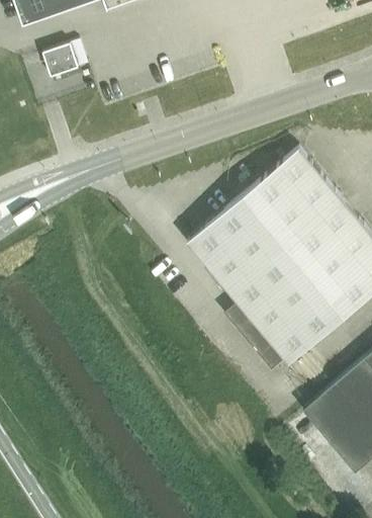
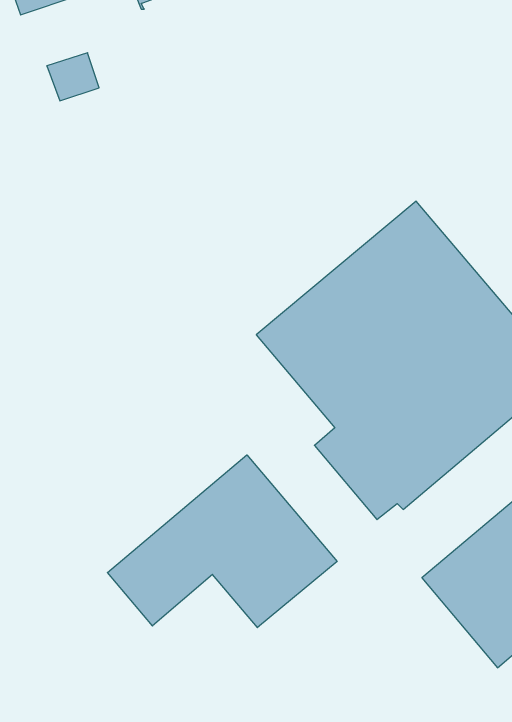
building: none -> [107,455,337,628]

